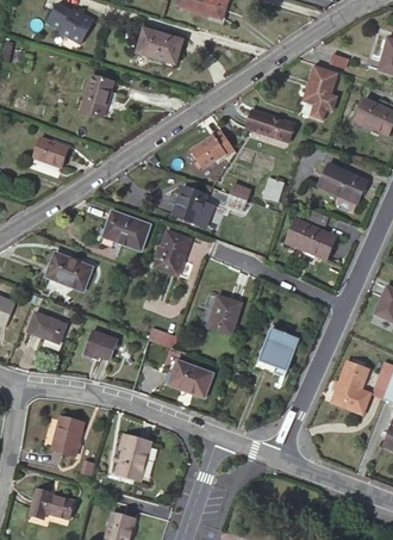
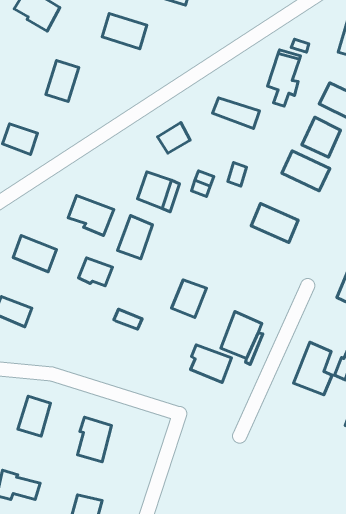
building: none -> [302,117,340,157]
building: [85,330,119,359] -> [78,258,112,286]
building: [171,359,213,397] -> [190,345,231,382]

